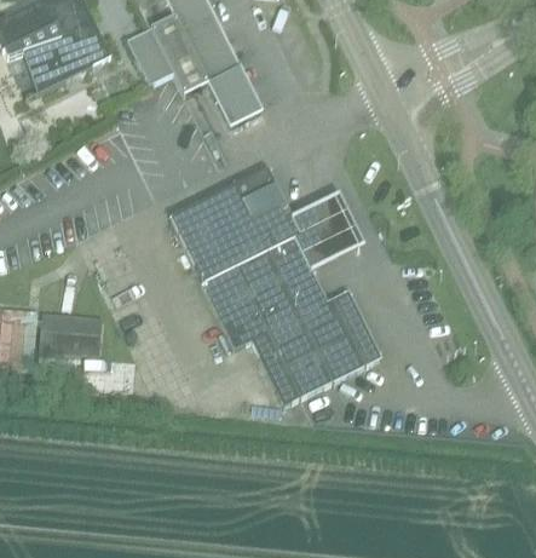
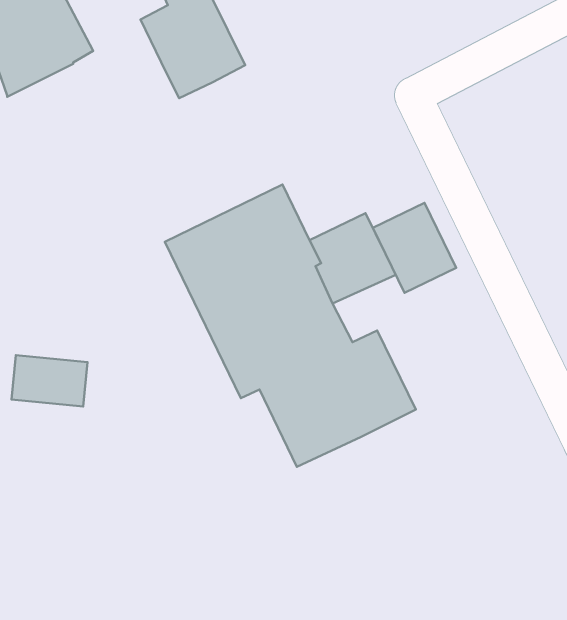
building: [127,28,171,84] -> none
building: [209,67,258,122] -> none
building: none -> [373,203,456,293]

